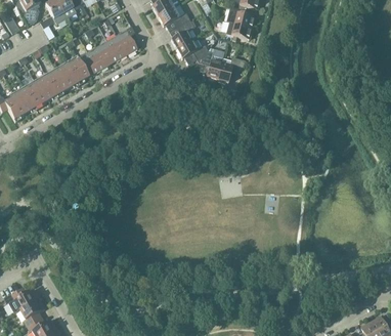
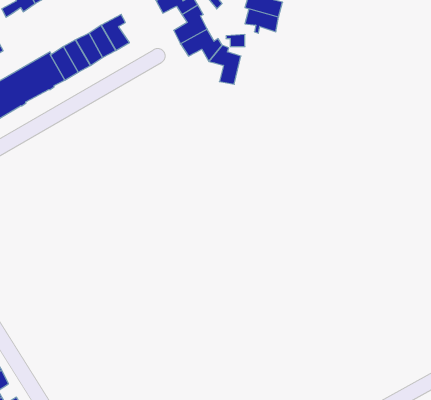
building: [217,57,246,83] -> none

